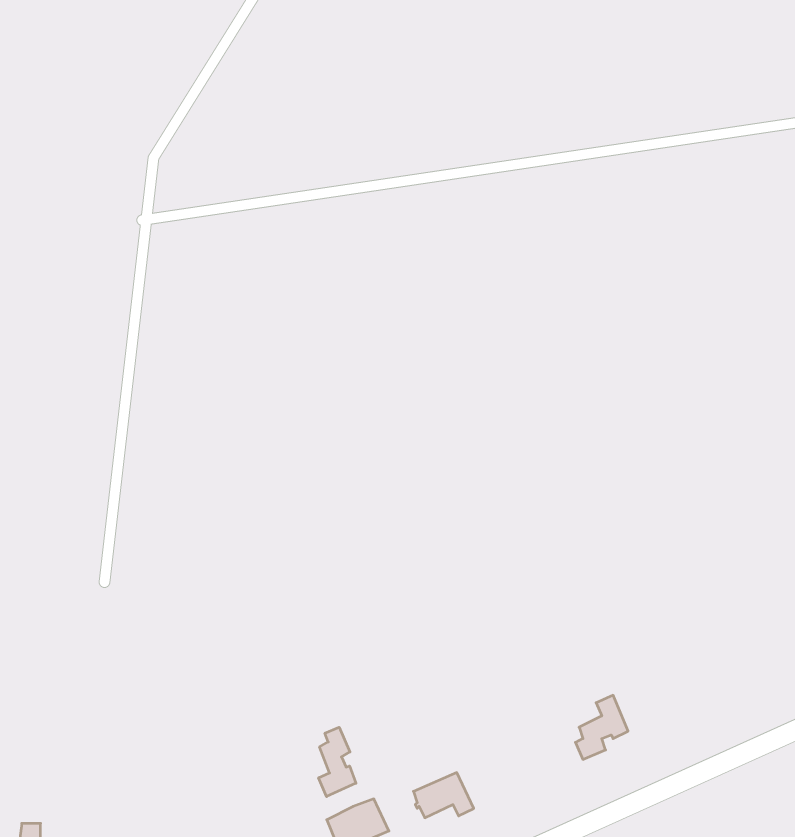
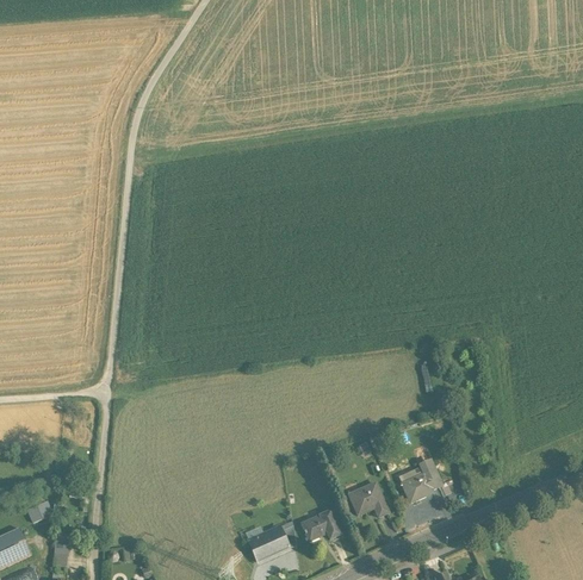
building: [319,727,356,797] -> none
building: none -> [351,484,387,517]

